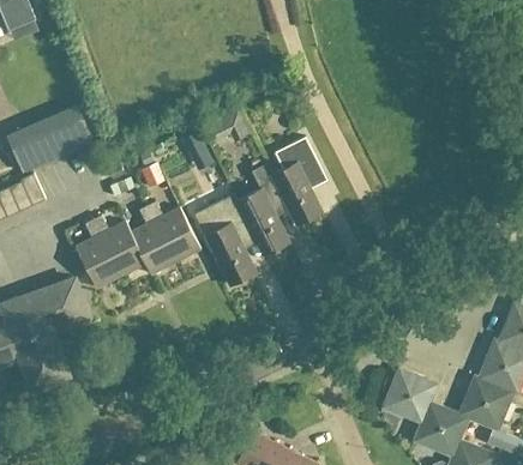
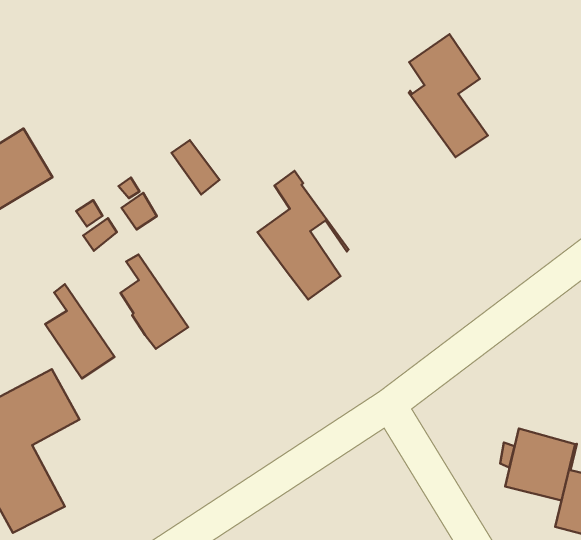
building: [270,135,321,223] -> [409,34,488,157]
building: [192,193,256,284] -> none
building: [148,200,200,261] -> none
building: [92,215,144,274] -> none

